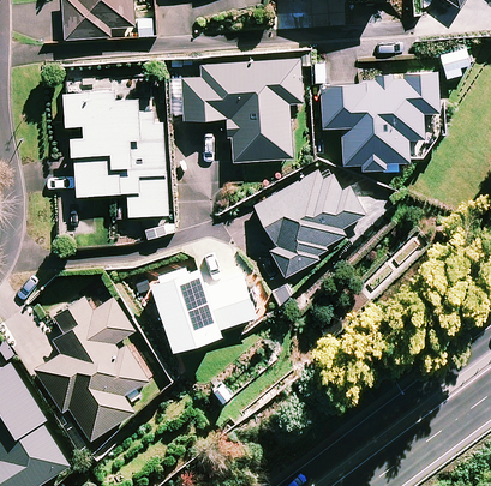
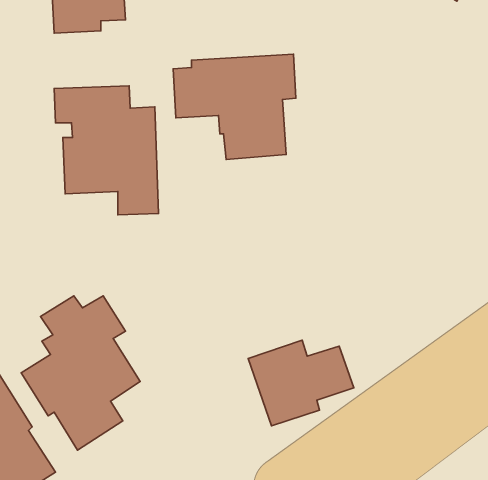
building: [323,78,439,172] -> none
building: [252,162,366,277] -> none
building: [152,270,256,354] -> [248,340,354,426]

